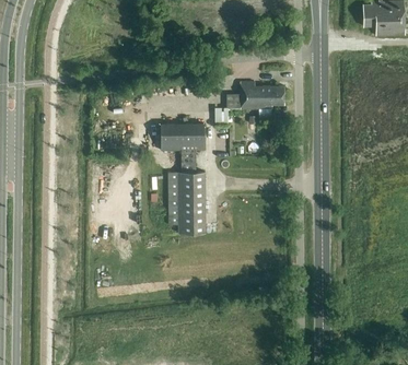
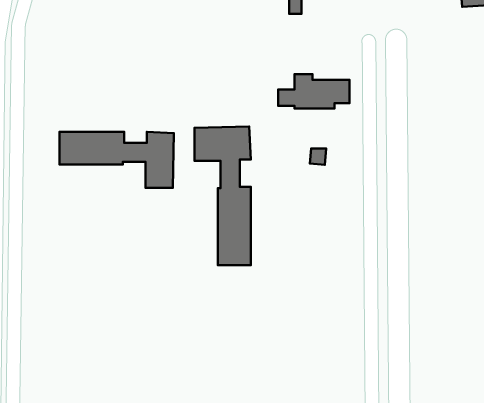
building: none -> [60,132,174,188]

